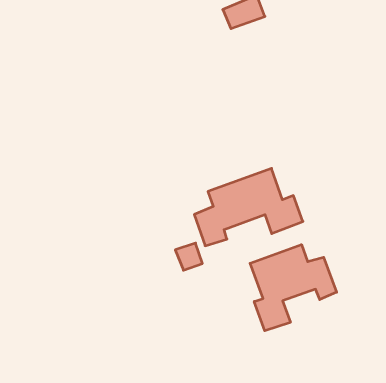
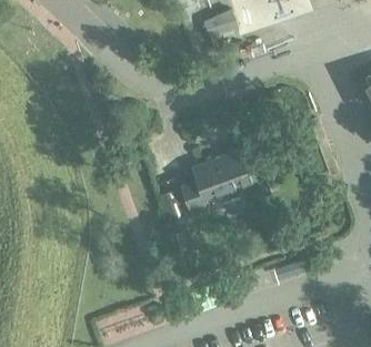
building: [250,245,337,331] -> none

